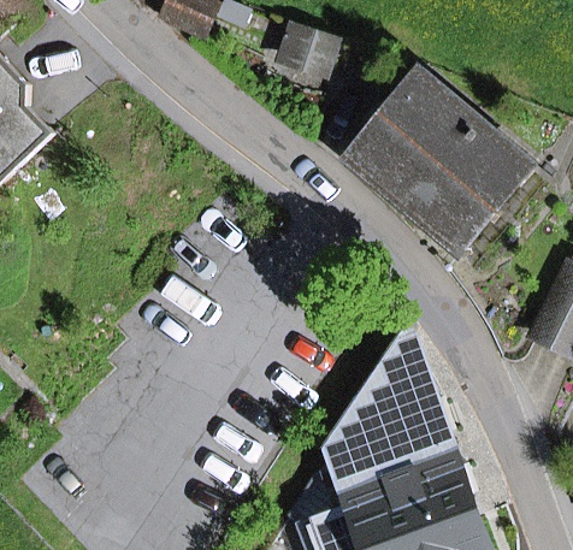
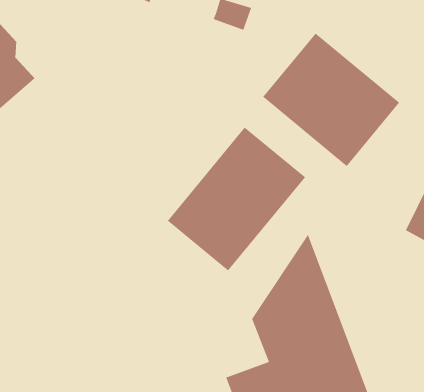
building: none -> [167,127,306,271]

